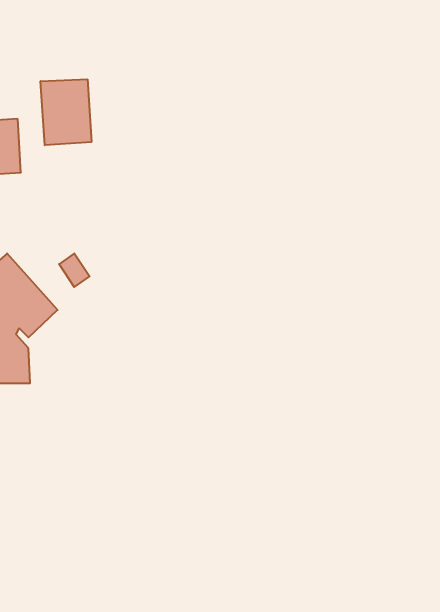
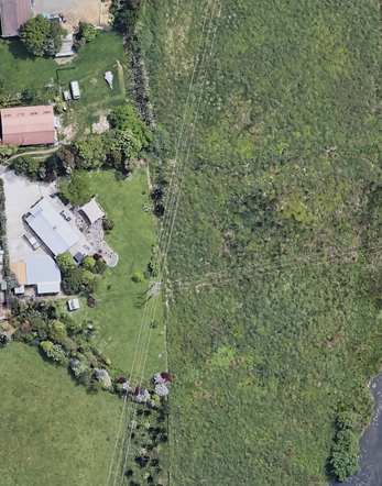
building: [41,79,91,145] -> none

